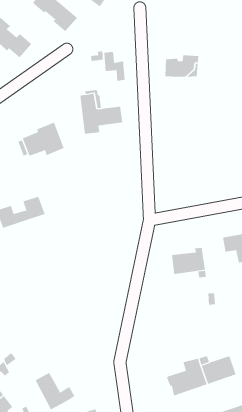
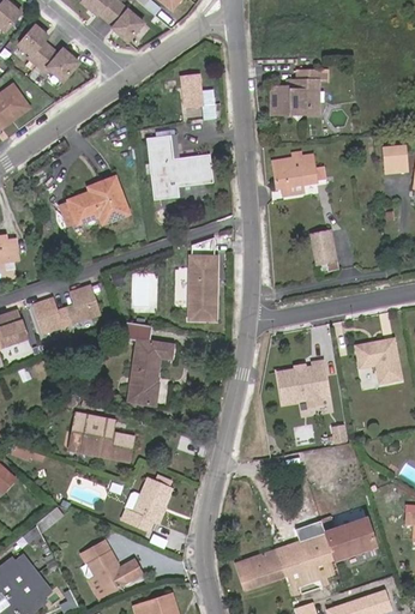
building: none -> [272,151,323,186]
building: none -> [313,230,337,263]
building: none -> [187,257,216,321]
building: none -> [124,321,173,404]
building: none -> [79,415,134,463]
building: none -> [122,478,173,530]
building: none -> [237,548,284,589]

